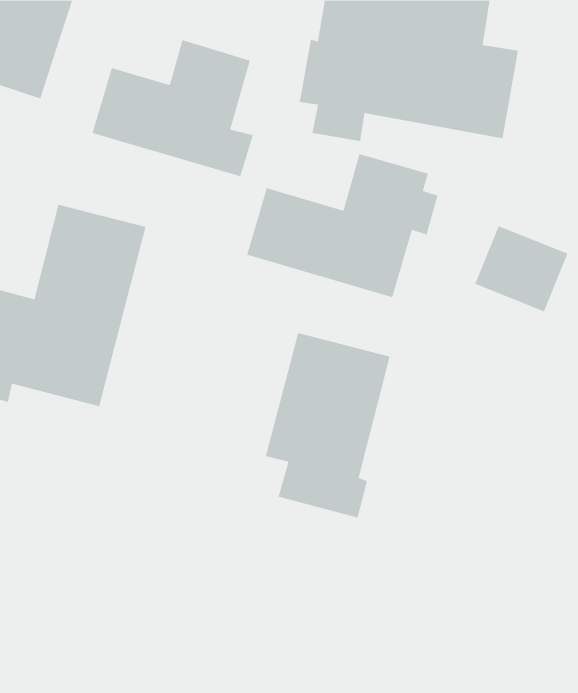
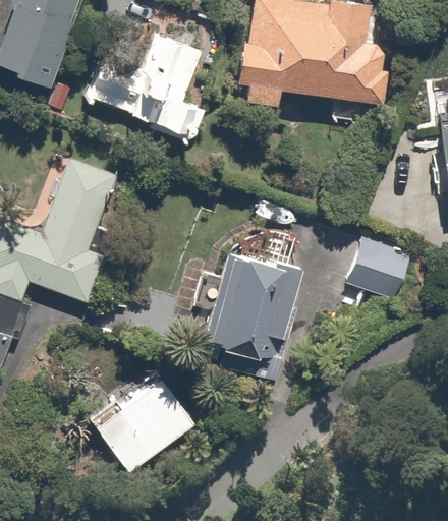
building: [246,153,438,298] -> none
building: [474,225,569,312] -> [344,241,412,304]
building: none -> [96,372,194,468]

